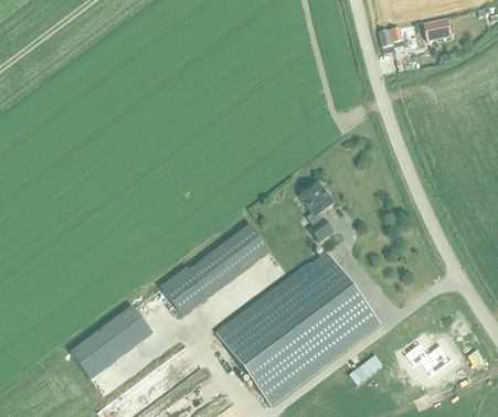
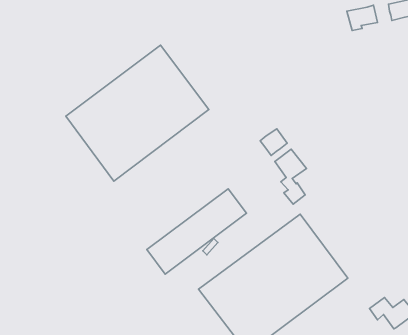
building: none -> [66,45,209,181]
building: none -> [260,129,287,156]
building: [70,306,150,377] -> none

